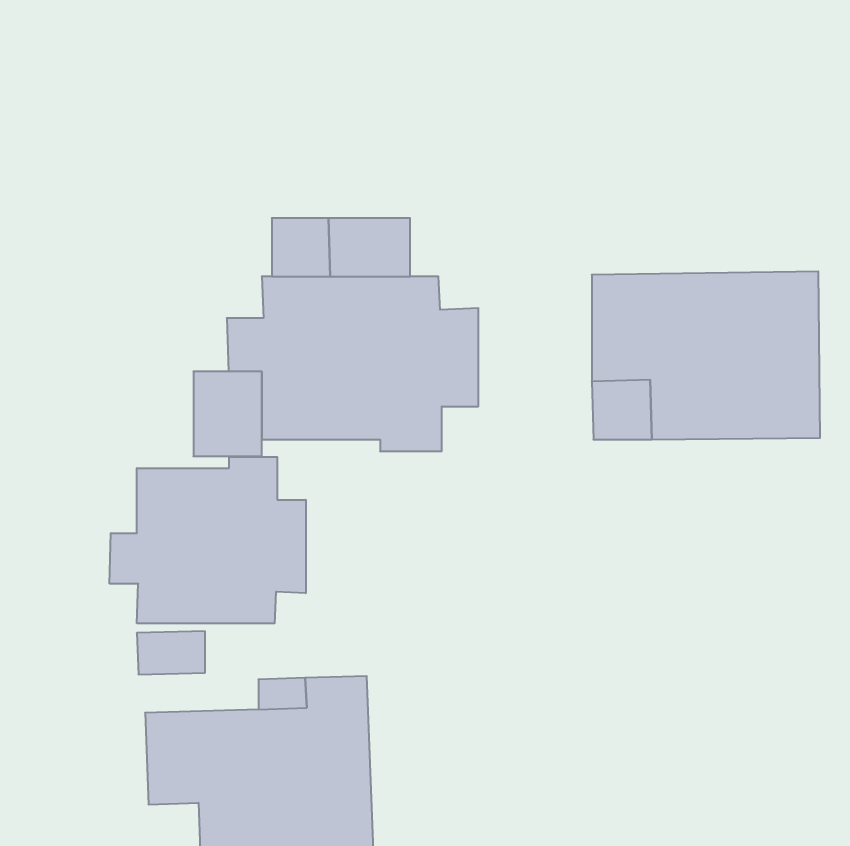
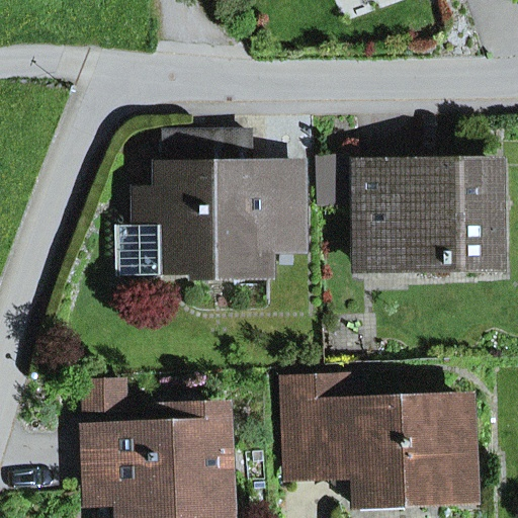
building: [110,457,306,623] -> none
building: none -> [288,383,470,498]

